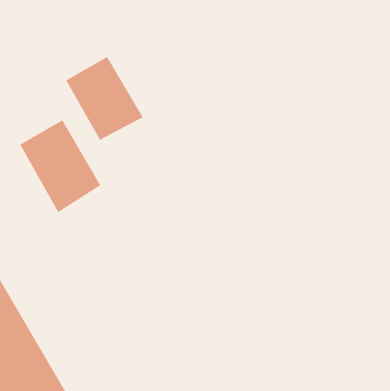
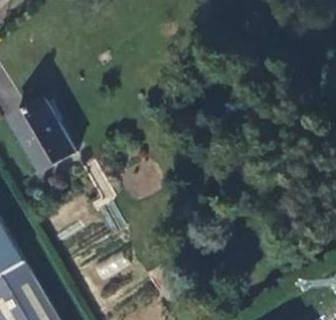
building: [65,56,144,140] -> none

